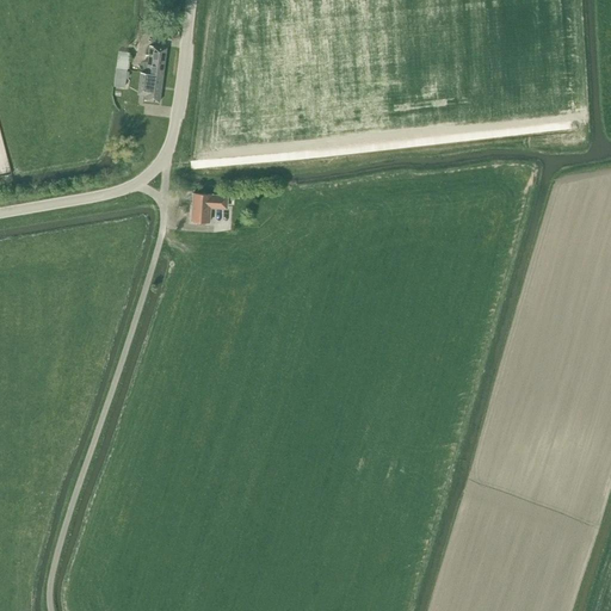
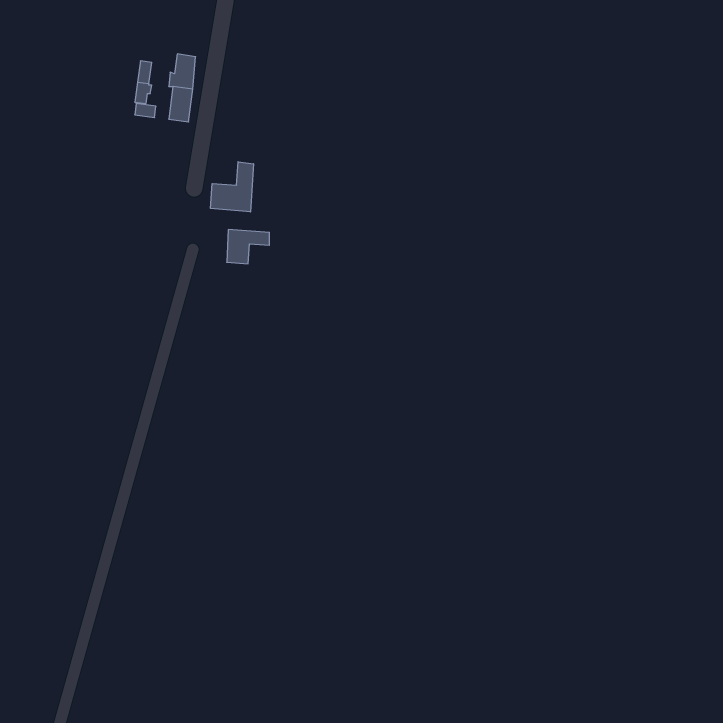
building: none -> [211,162,253,212]

